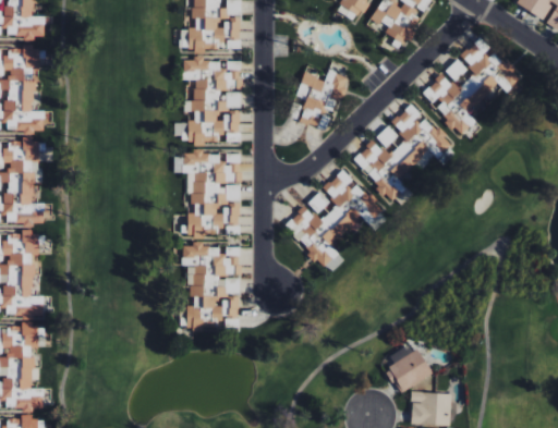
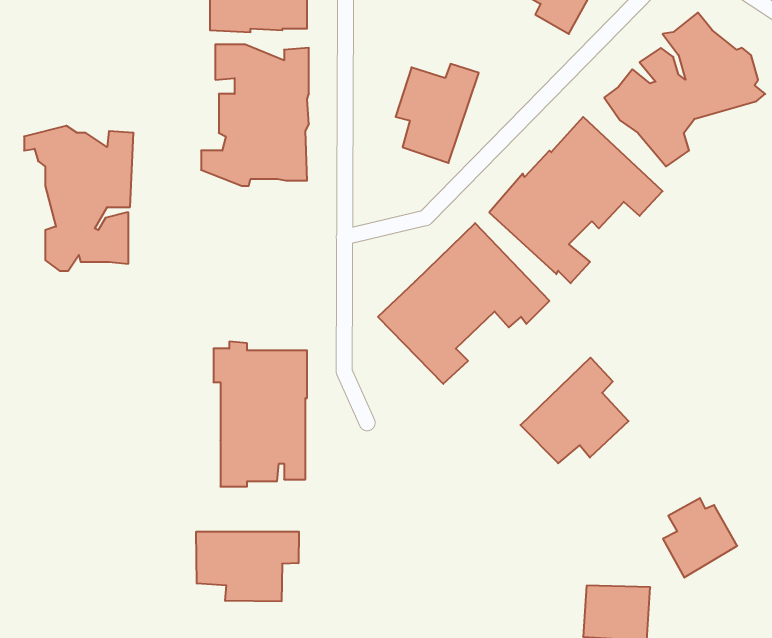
building: [174,149,242,239] -> [24,126,134,271]
building: none -> [520,358,629,463]
building: [386,343,432,392] -> [663,498,737,578]
building: none -> [196,532,299,601]

